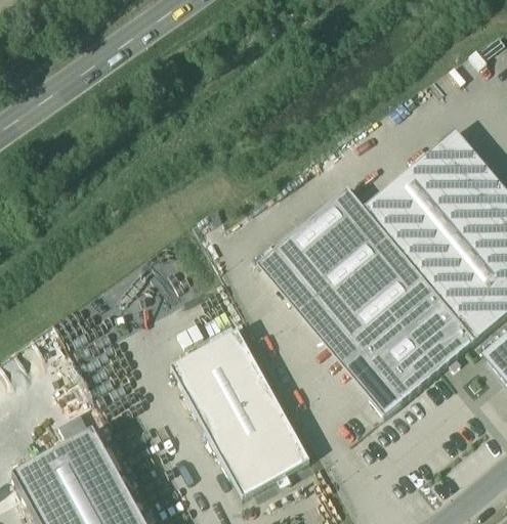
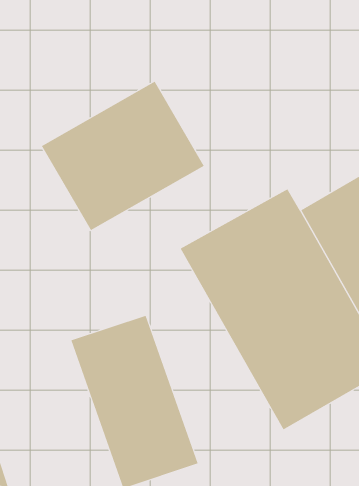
building: none -> [41,81,204,231]

